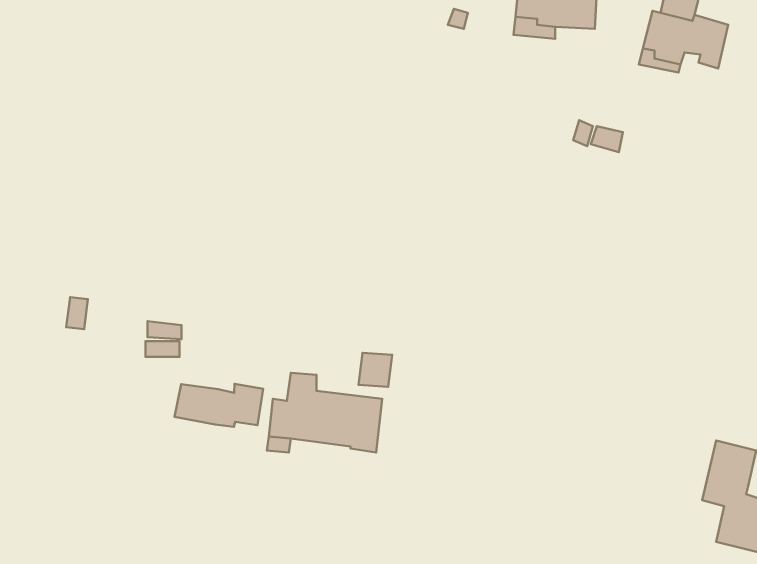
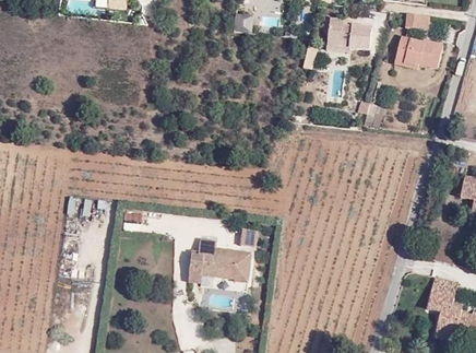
building: [175,384,263,427] -> none

